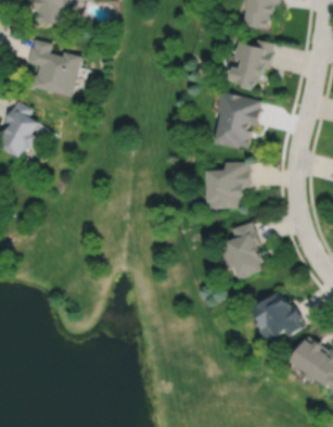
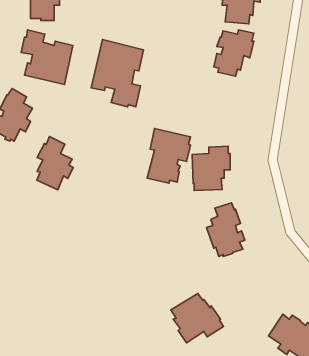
building: none -> [91,39,144,107]
building: [215,91,260,149] -> [147,129,190,183]
building: none -> [37,137,73,190]
building: [249,291,305,343] -> [171,293,223,343]

